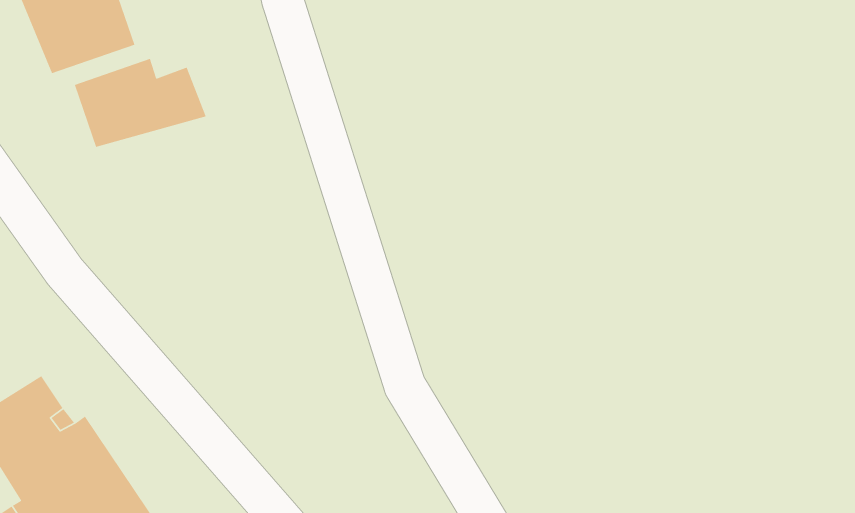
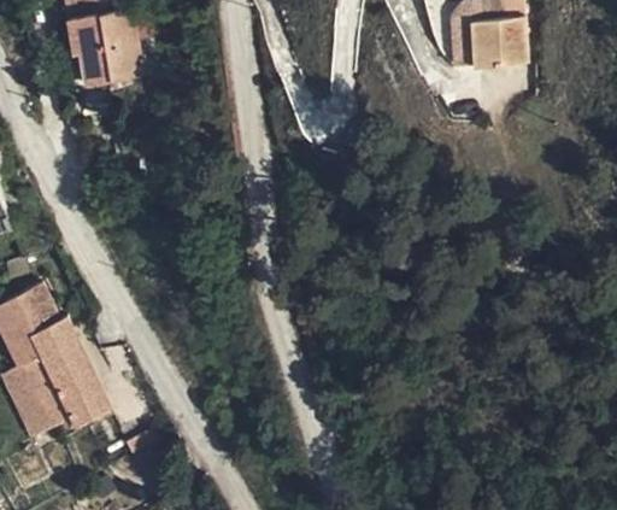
building: [74,58,207,148] -> none

